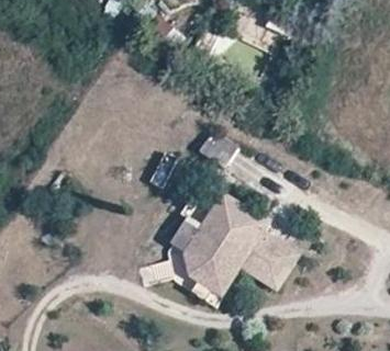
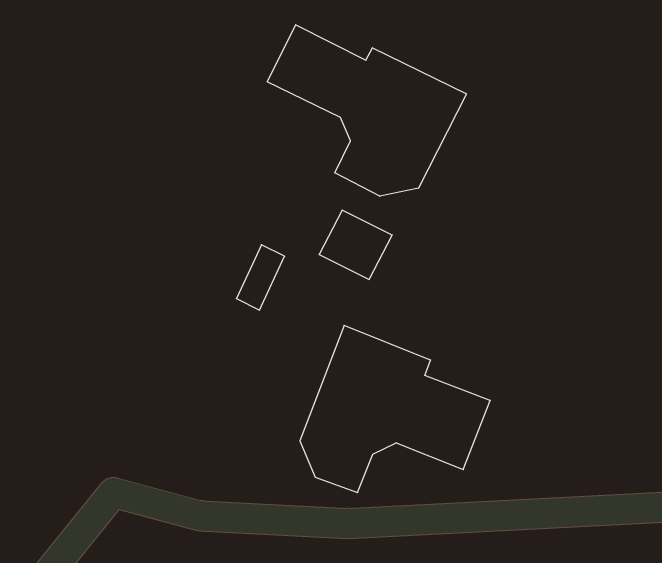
building: none -> [267,25,466,196]

